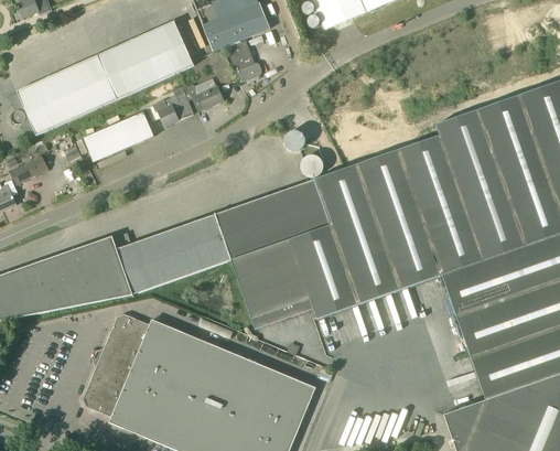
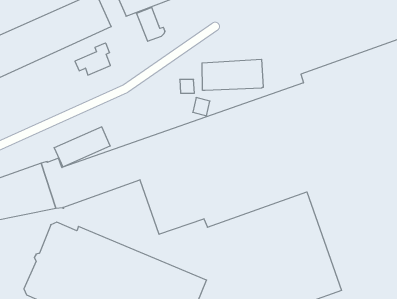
building: [194,78,224,109] -> none
building: none -> [202,59,263,90]
building: [83,111,154,162] -> [54,127,110,167]

